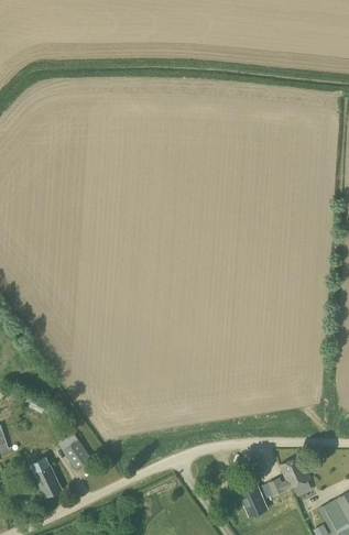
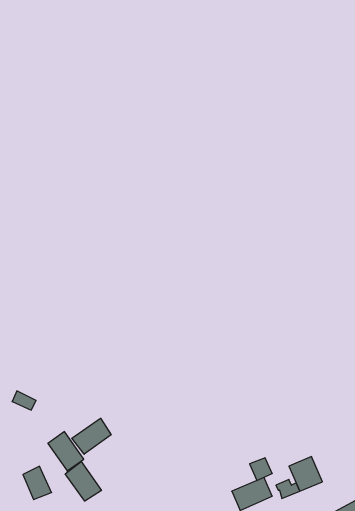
building: none -> [72,418,111,454]
building: none -> [65,462,101,501]

